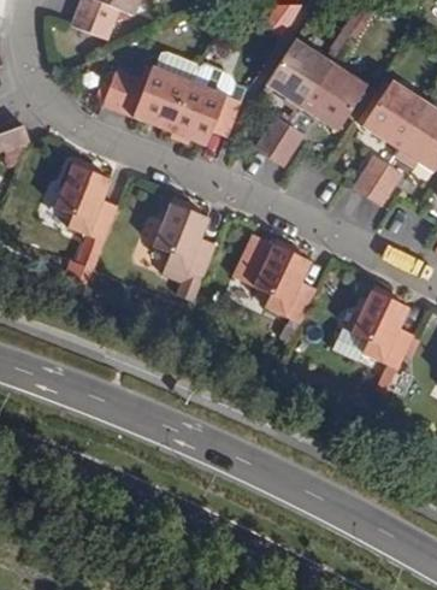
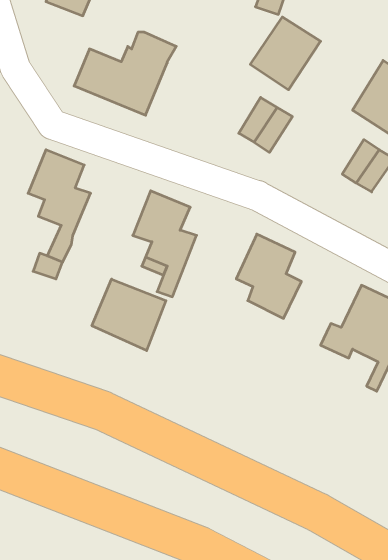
building: [301,61,366,130] -> none
building: [166,65,246,146] -> none
building: none -> [92,279,166,351]

